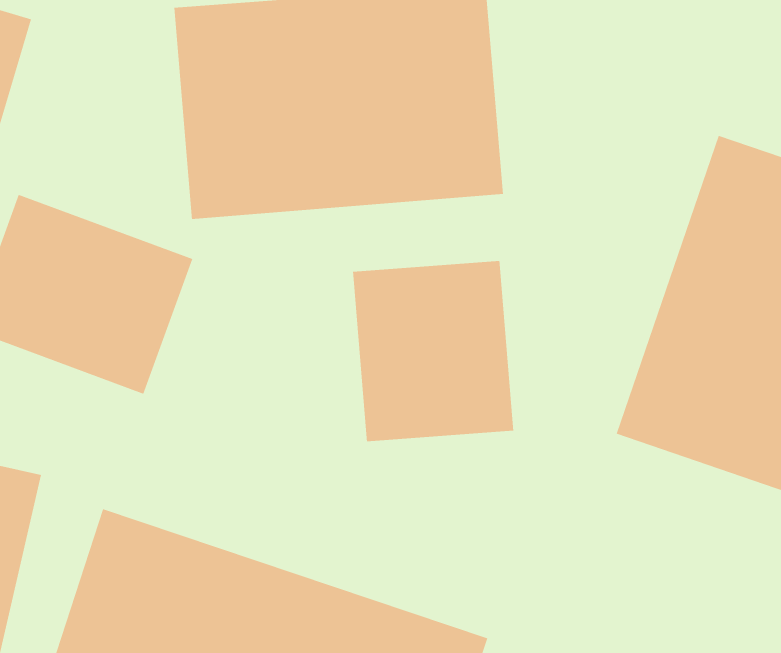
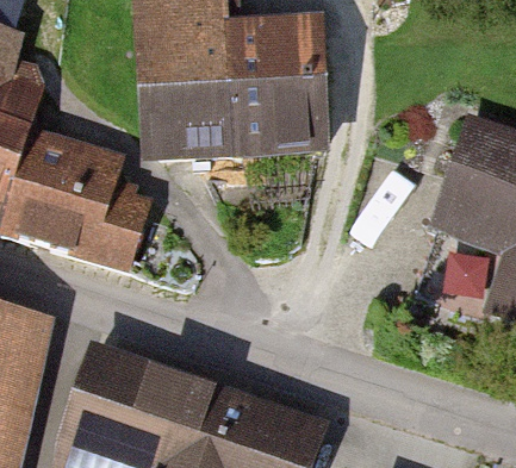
building: [352,260,514,442] -> none

